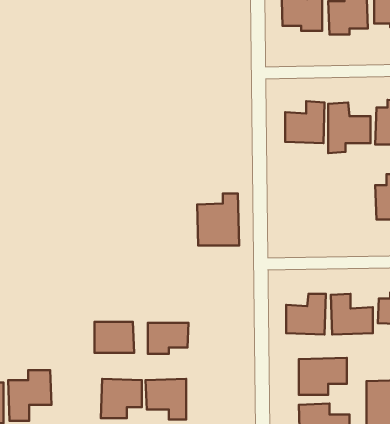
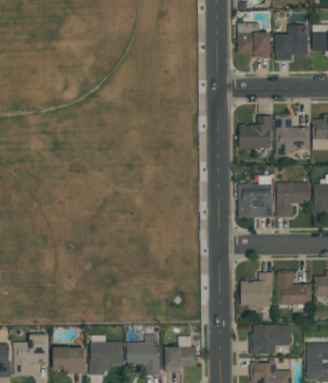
building: none -> [277,181,310,218]
building: [197,194,239,245] -> [238,175,272,218]
building: [94,322,134,353] -> [53,347,86,372]
building: [148,323,189,354] -> [165,347,198,372]

